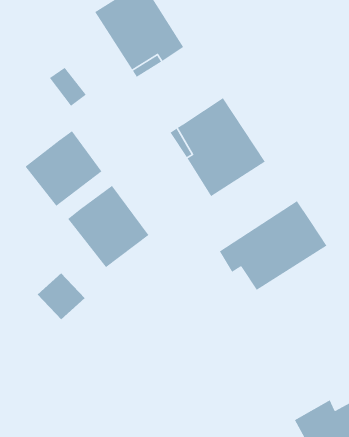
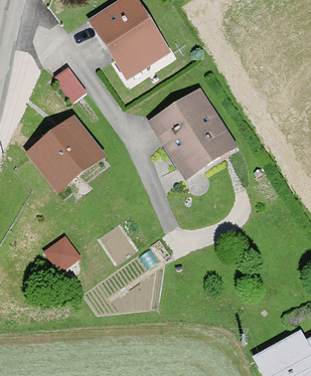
building: [67,185,149,268] -> none
building: [219,200,327,291] -> none

